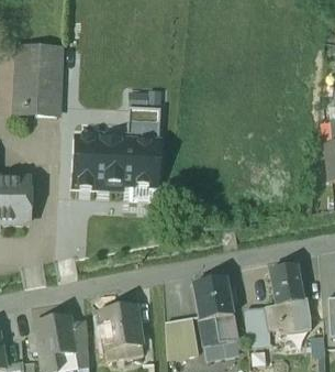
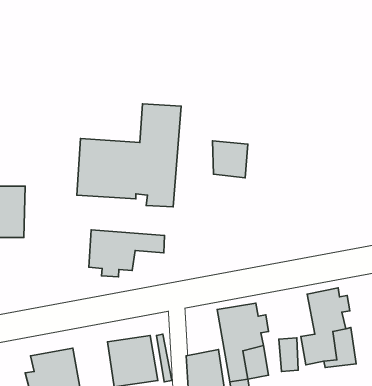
building: [13,44,59,112] -> none
building: none -> [213,141,248,178]
building: none -> [89,230,164,277]

